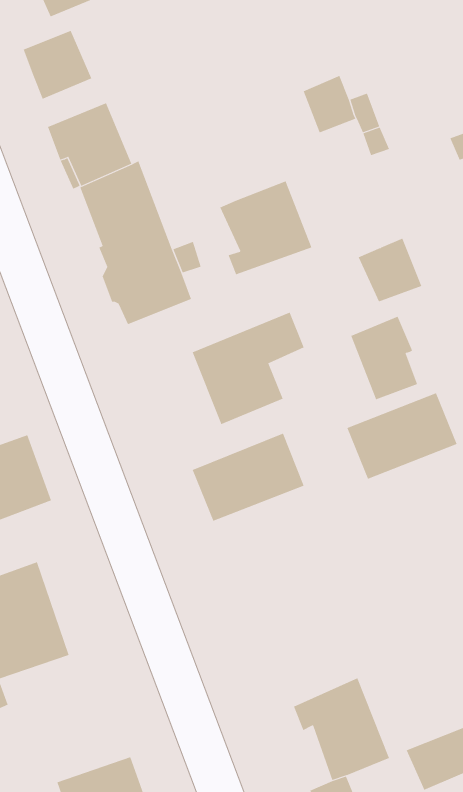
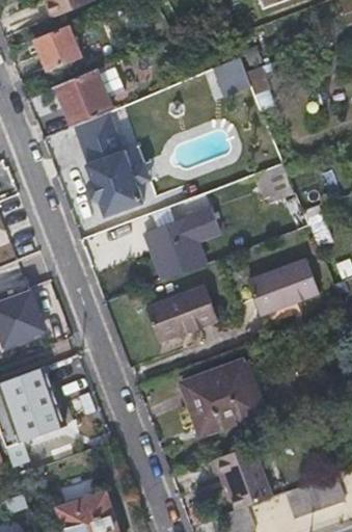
building: [219,181,312,275] -> none
building: [350,316,418,400] -> none
building: none -> [183,363,266,436]

